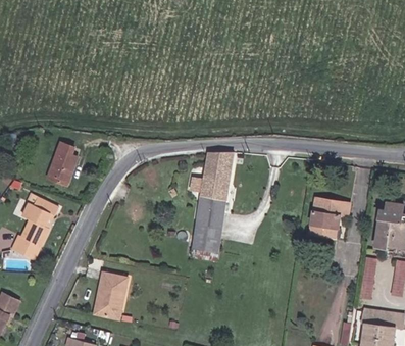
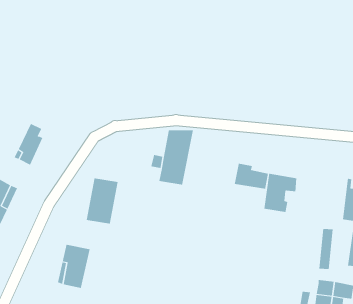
building: none -> [234,163,268,190]
building: [372,200,395,246] -> none
building: [191,205,224,253] -> [86,178,118,224]

